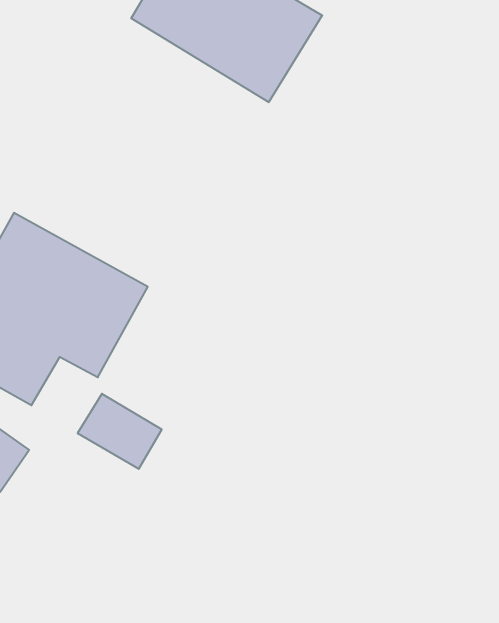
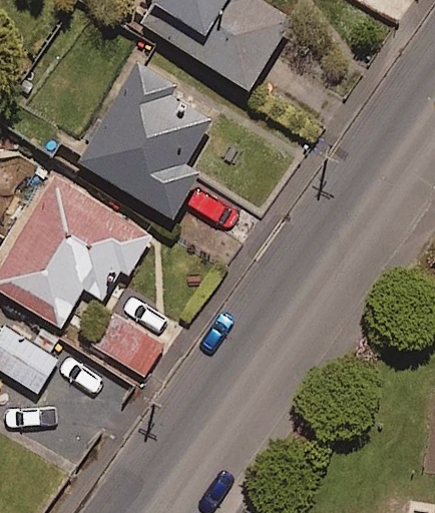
building: none -> [77,62,216,216]

